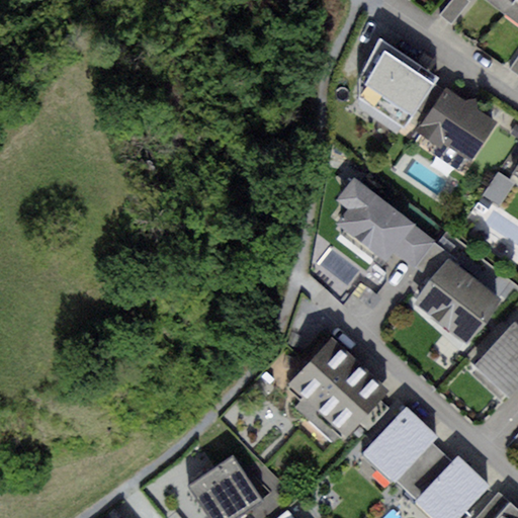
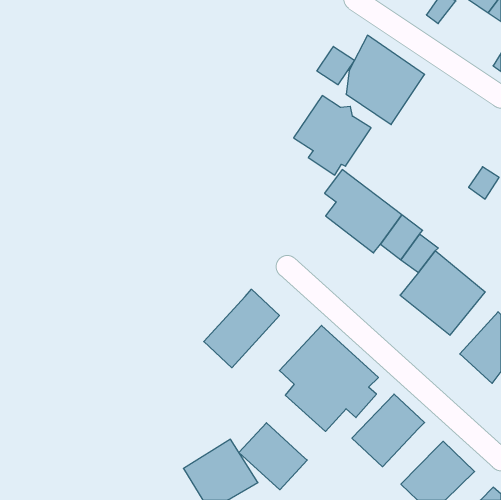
building: none -> [317,46,355,85]
building: [417,87,497,169] -> [294,96,371,175]
building: none -> [204,289,279,368]
building: none -> [239,423,307,490]
building: [395,442,451,500] -> none

